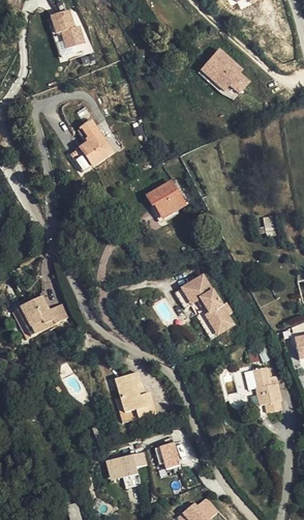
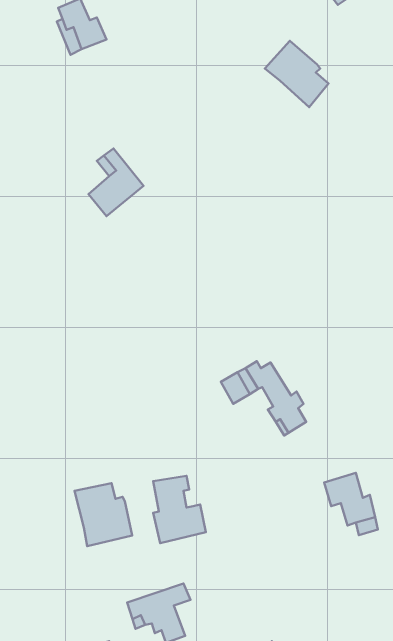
building: [150,189,188,223] -> none
building: [18,294,69,334] -> none
building: none -> [75,483,132,546]
building: [152,438,178,465] -> none

